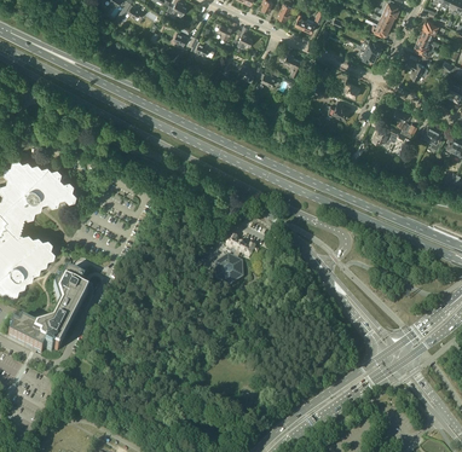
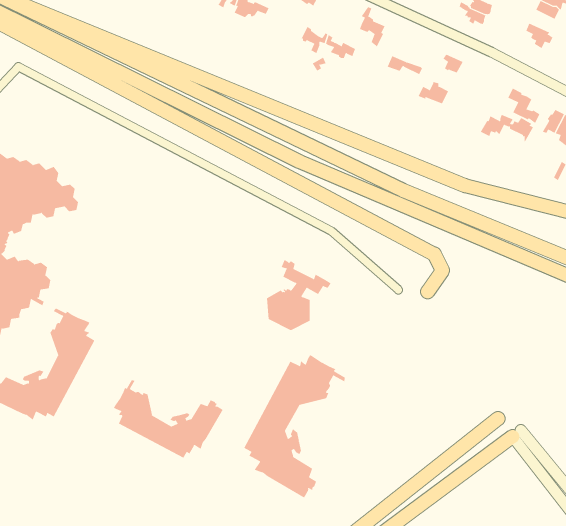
building: none -> [244,354,345,499]
building: none -> [113,379,224,459]

